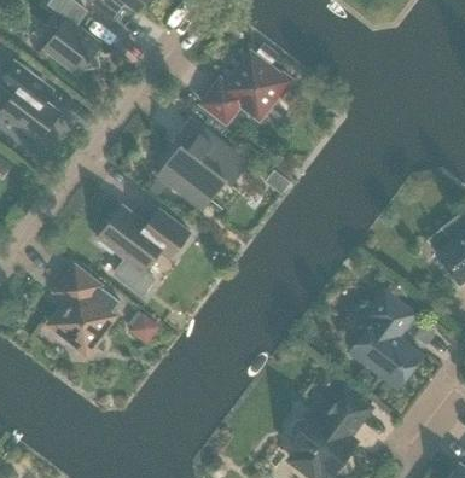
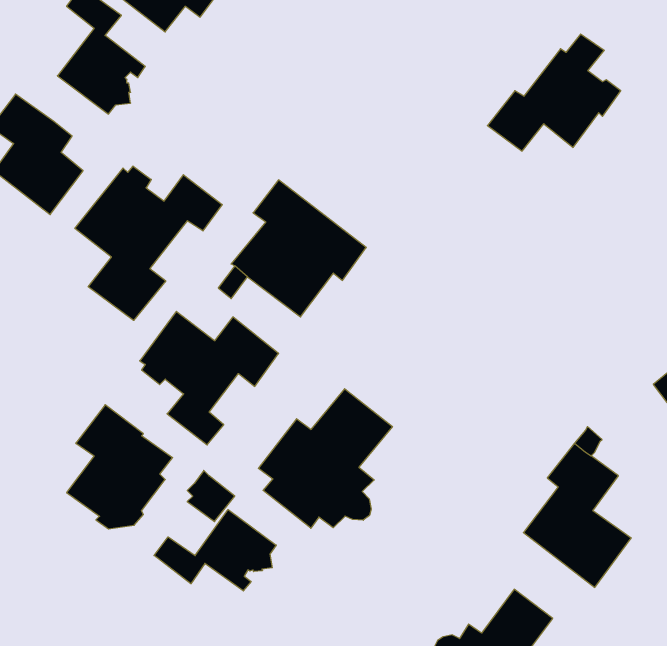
building: [202,45,290,122] -> [487,34,621,151]
building: none -> [75,166,222,320]
building: none -> [258,389,392,528]
building: none -> [154,510,276,591]

